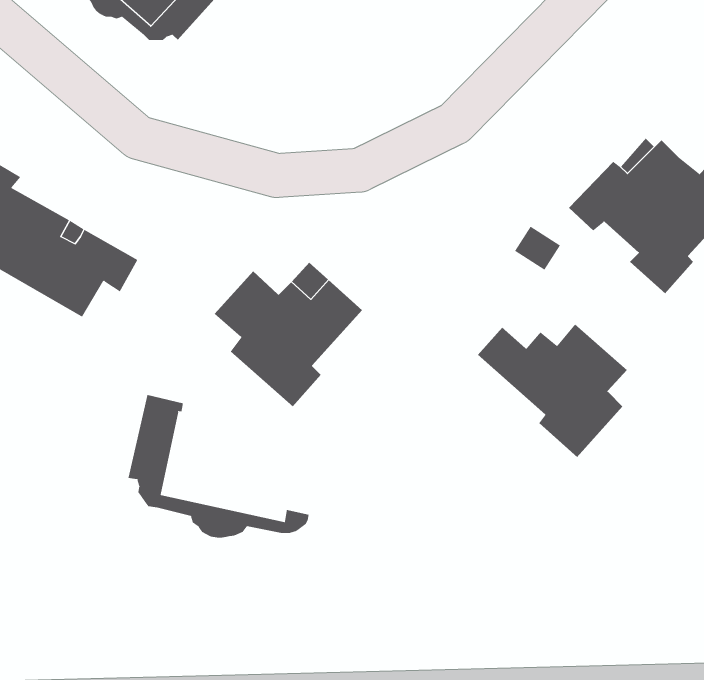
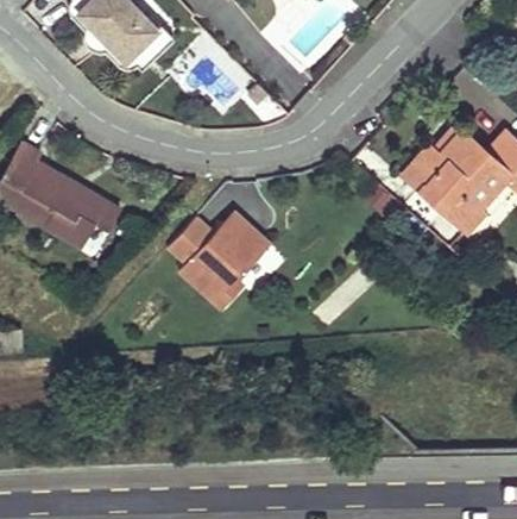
building: [477,324,628,458] -> none
building: [128,394,309,539] -> none

